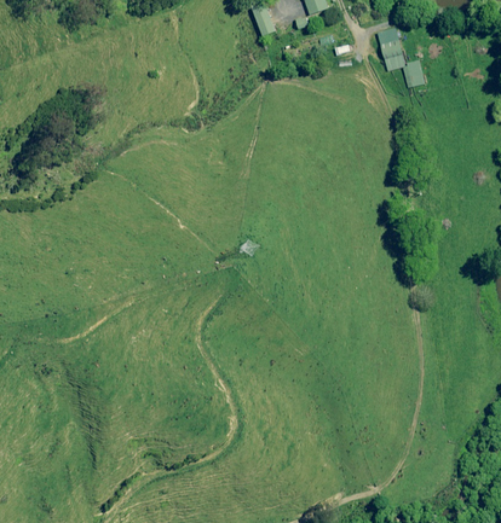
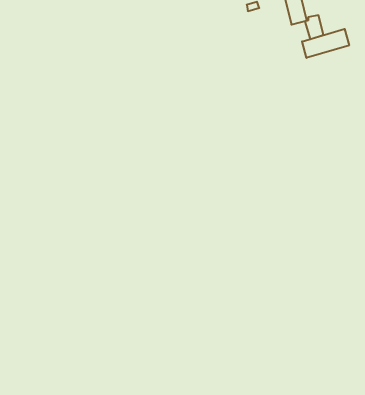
building: none -> [302,29,349,58]

